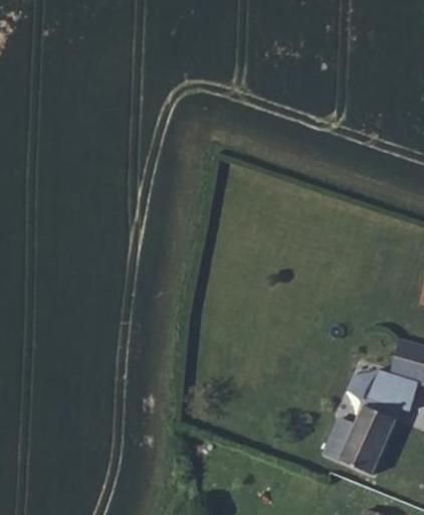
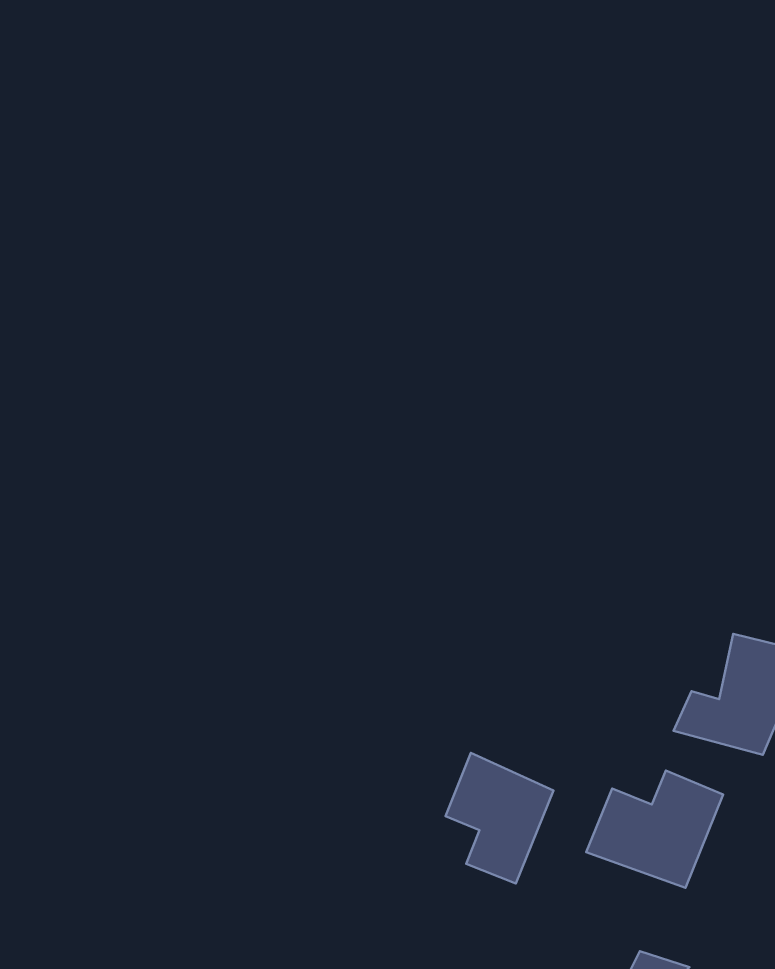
building: none -> [445,753,554,884]

